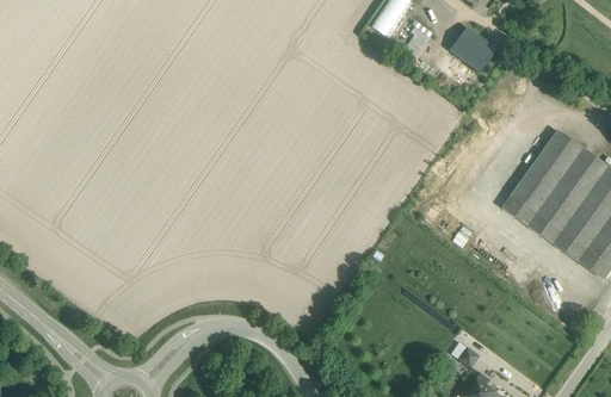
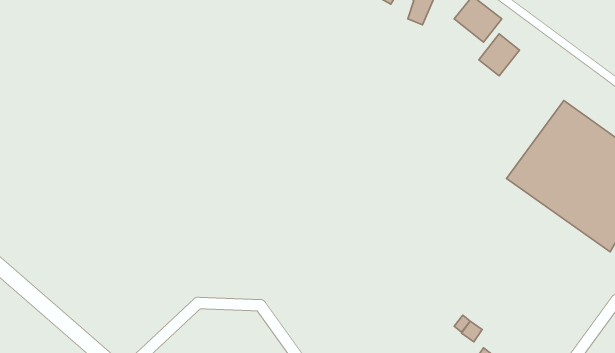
building: none -> [479,34,520,76]

